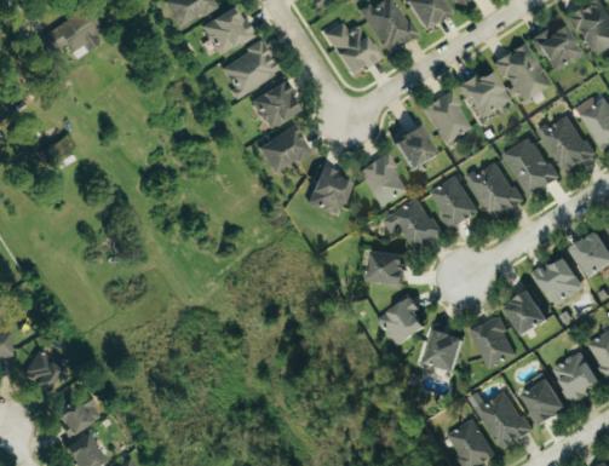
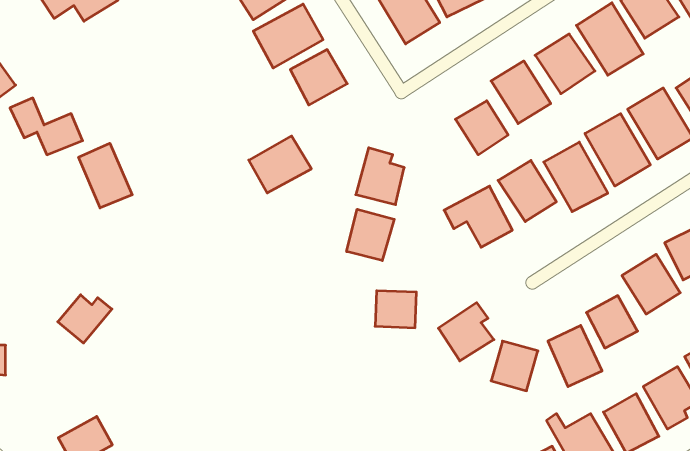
building: [259,125,312,173] -> [249,136,311,193]
building: [361,154,409,206] -> none
building: none -> [79,143,132,208]
building: none -> [347,209,394,261]
building: [369,252,404,283] -> [375,291,416,328]
building: [22,350,68,391] -> [58,295,112,343]

